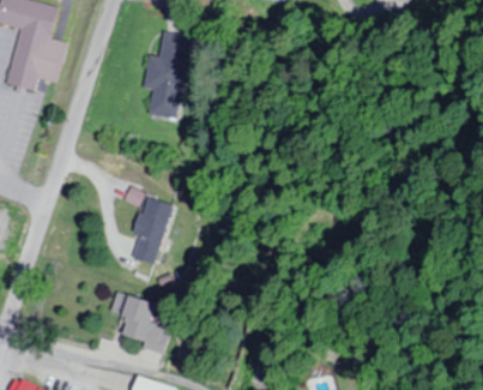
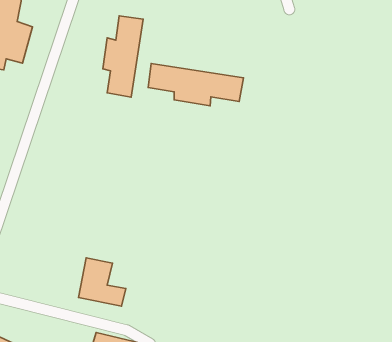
building: none -> [148,63,243,106]
building: [128,198,170,265] -> none

